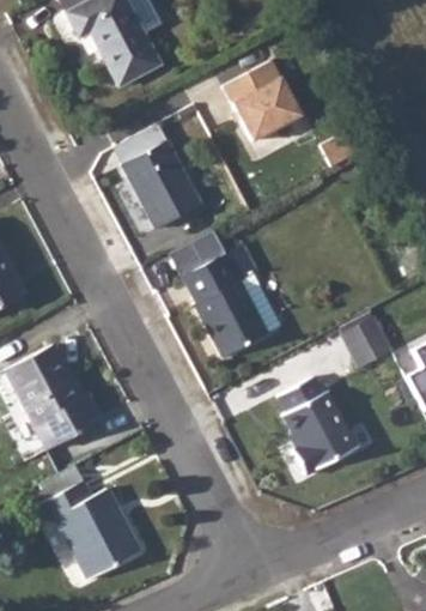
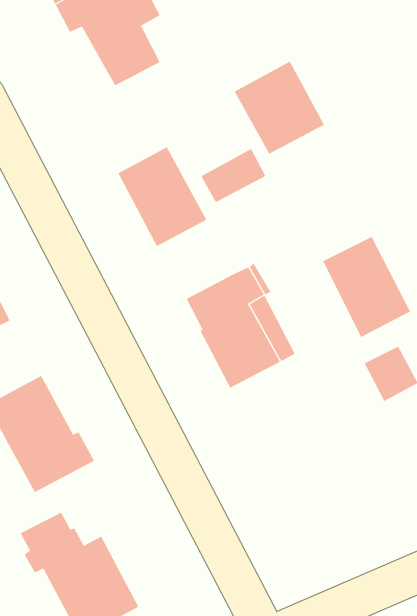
building: none -> [323,236,411,338]
building: [168,228,226,277] -> [201,148,266,203]
building: [278,376,357,474] -> none

